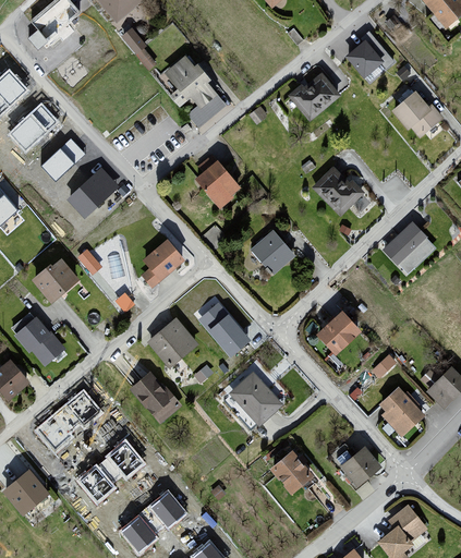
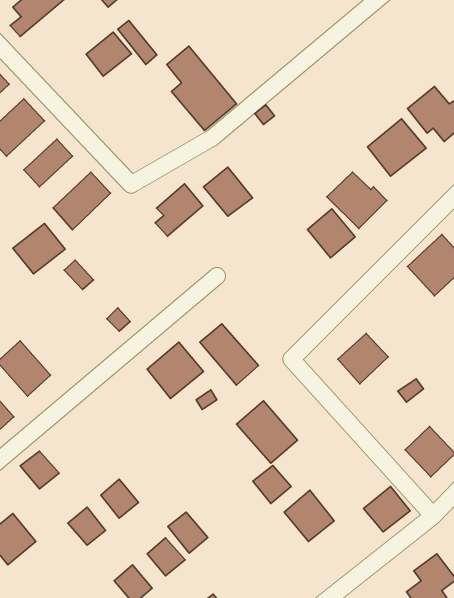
building: [344,31,395,83] -> none
building: none -> [86,32,131,76]
building: [288,69,340,120] -> [367,119,426,176]
building: [251,230,293,274] -> [307,209,355,258]
building: [142,238,184,284] -> [155,184,203,236]
building: [34,258,81,303] -> [13,224,65,274]
building: [132,372,178,420] -> none
building: [65,389,99,423] -> none
building: none -> [253,465,291,503]
building: none -> [168,512,208,553]

